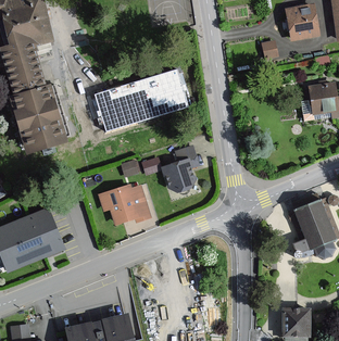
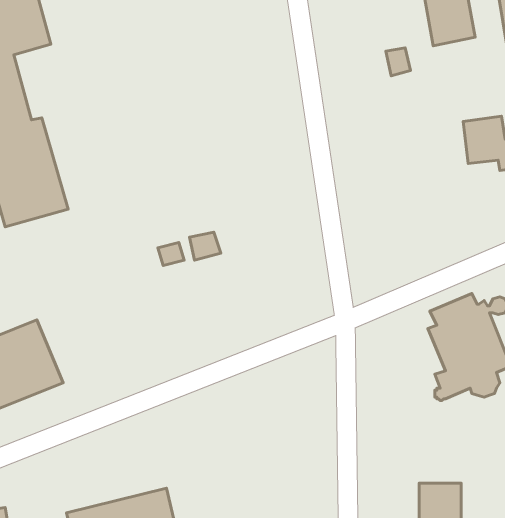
building: [96,70,186,129] -> none
building: [162,146,197,191] -> none
building: [98,186,149,224] -> none

